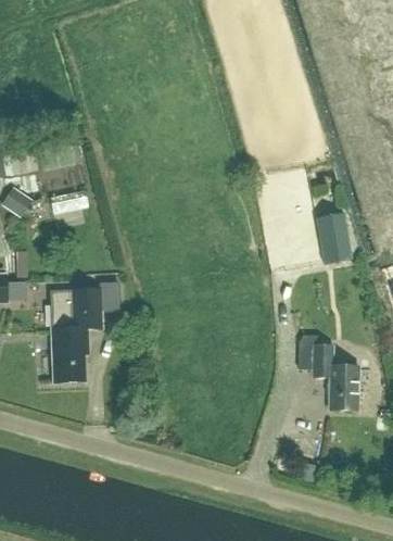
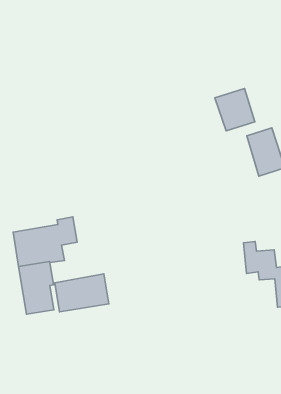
building: none -> [215,88,255,131]
building: none -> [55,274,109,312]

